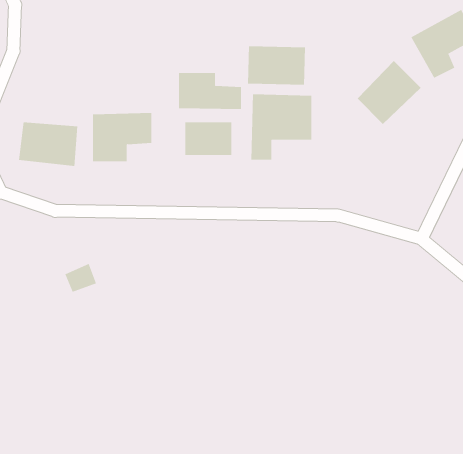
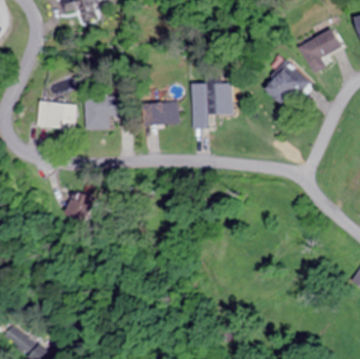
building: [248,46,305,85] -> none
building: [178,72,241,110] -> none

